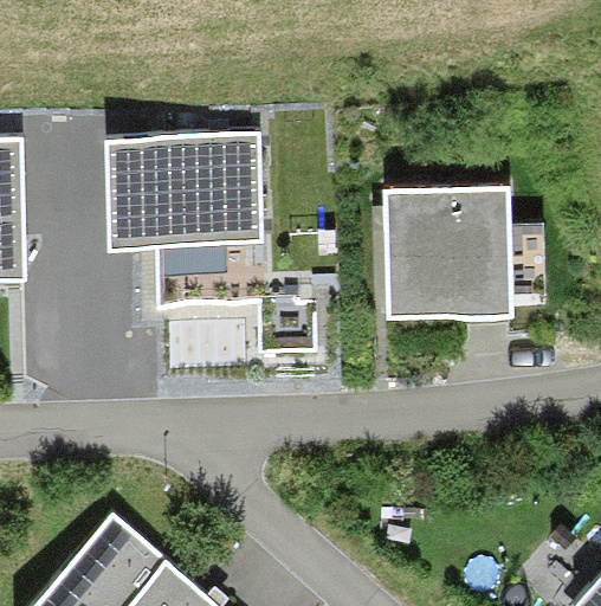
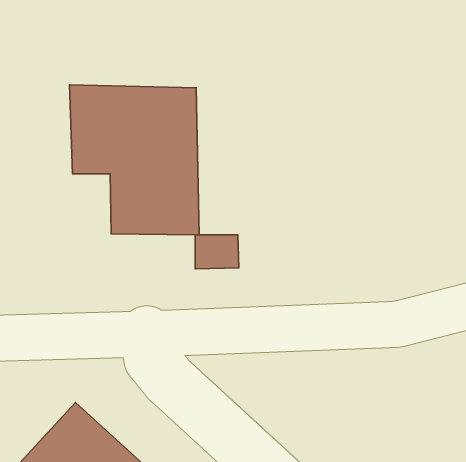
building: [386,179,510,314] -> none

